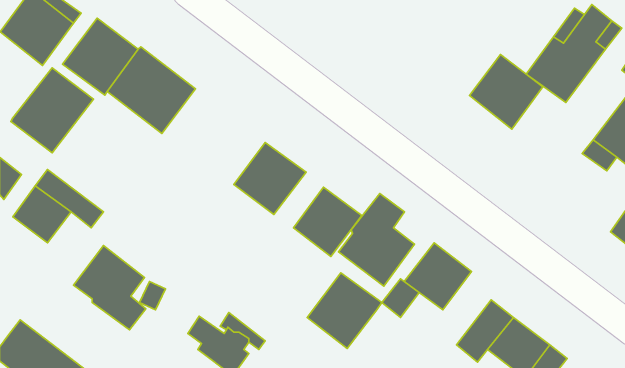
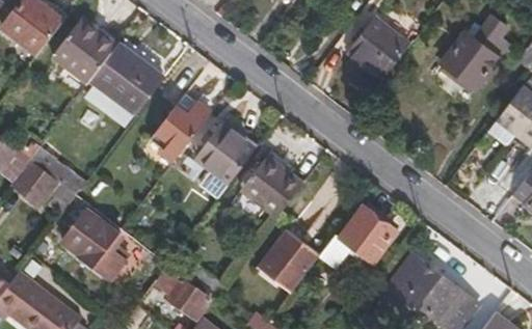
building: [469,55,543,129] -> [347,17,408,79]
building: [11,68,94,153] -> none
building: none -> [154,101,206,162]
building: [338,193,414,286] -> none

